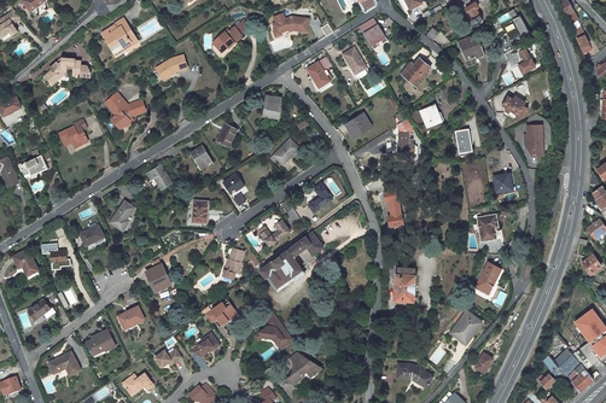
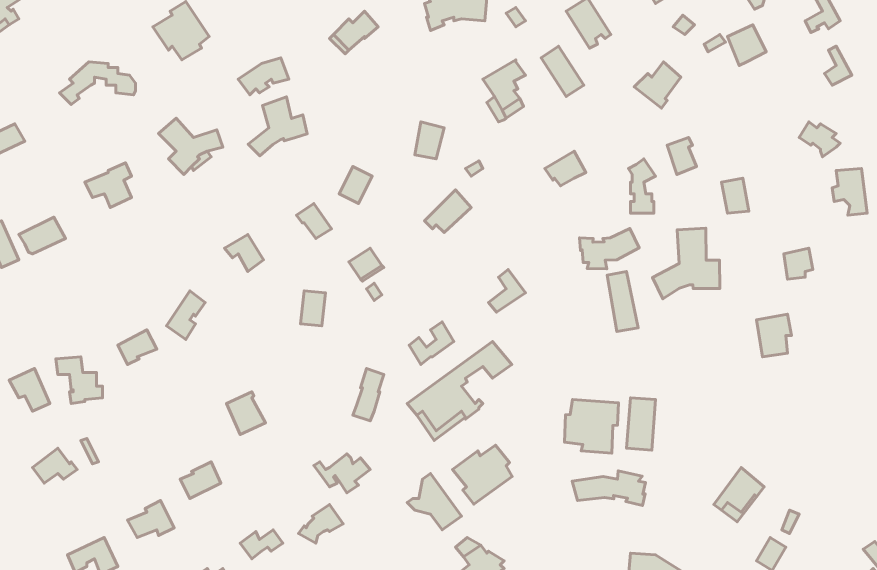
building: none -> [248,97,307,156]
building: none -> [652,228,720,299]
building: none -> [579,229,639,269]
building: [472,261,501,294] -> none
building: none -> [565,399,619,453]
building: none -> [452,445,512,504]
building: none -> [572,471,645,505]

